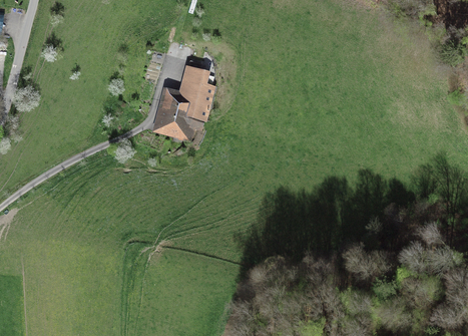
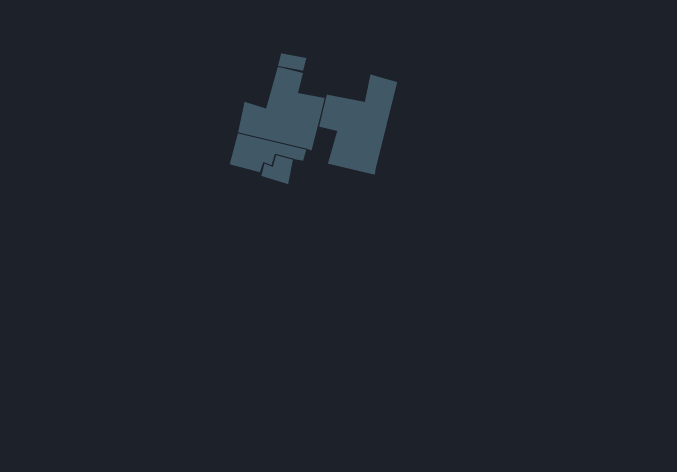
building: none -> [319,74,398,175]

